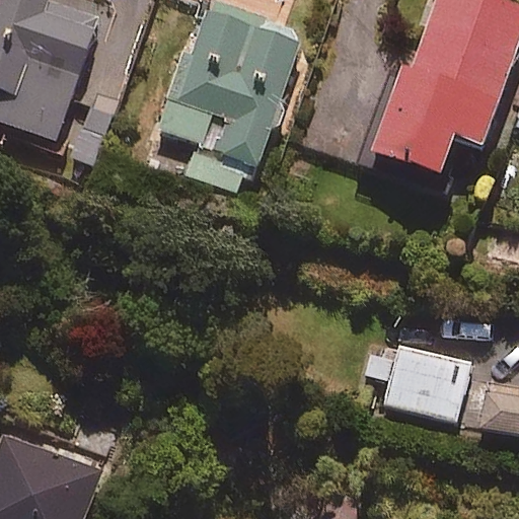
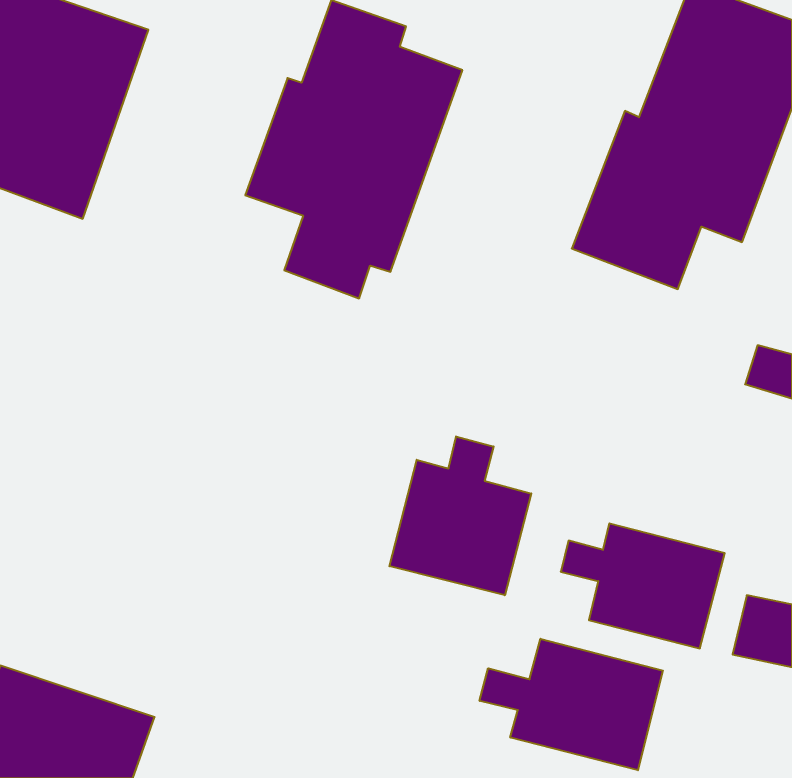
building: none -> [389,436,531,595]
building: none -> [480,639,663,770]

